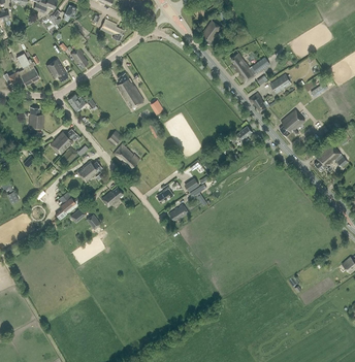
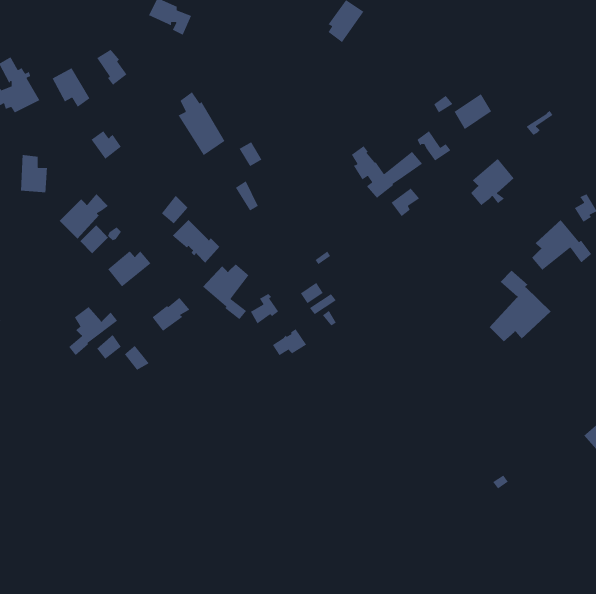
building: [230,54,270,84] -> [351,145,423,199]
building: none -> [202,264,249,320]
building: none -> [489,270,552,342]

